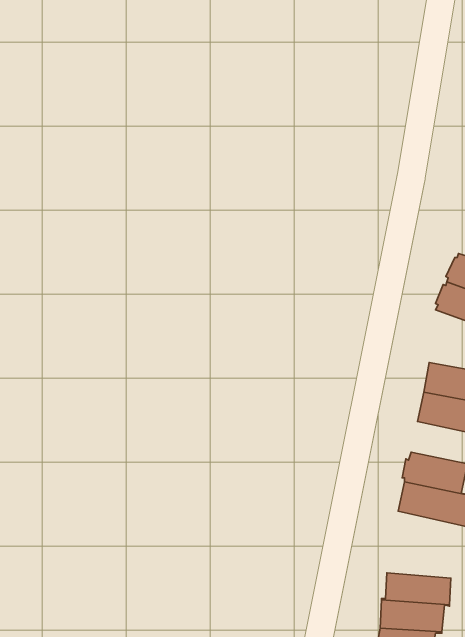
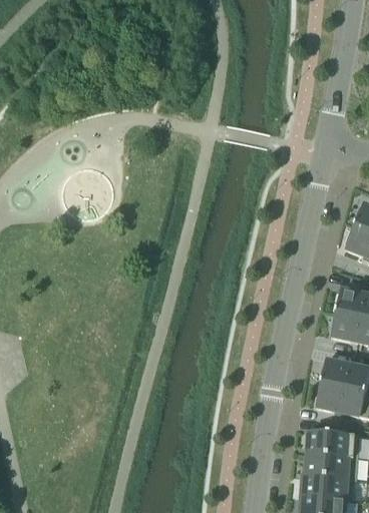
building: none -> [307,430,359,457]

